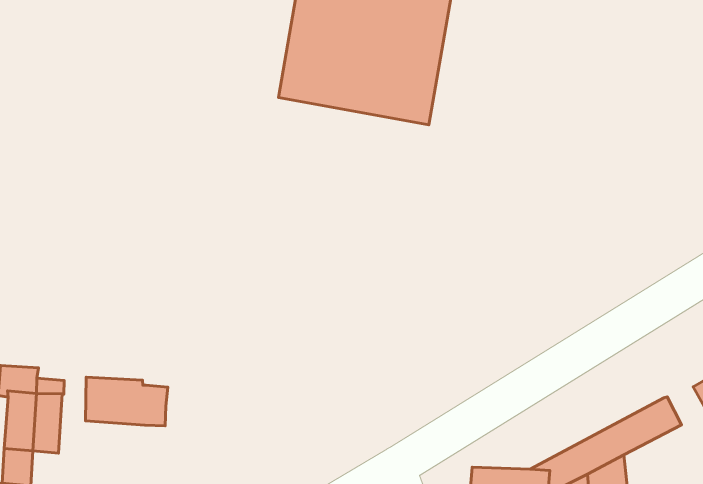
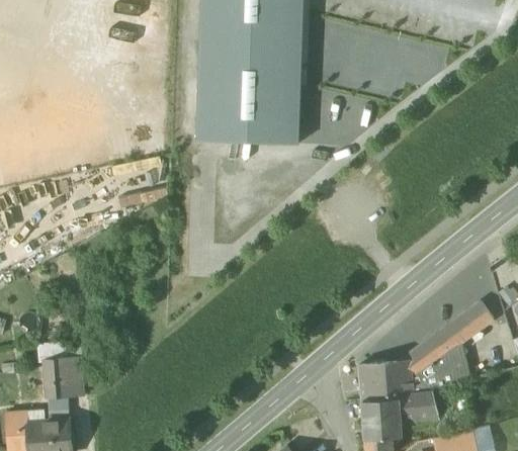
building: [86,377,168,426] -> none

